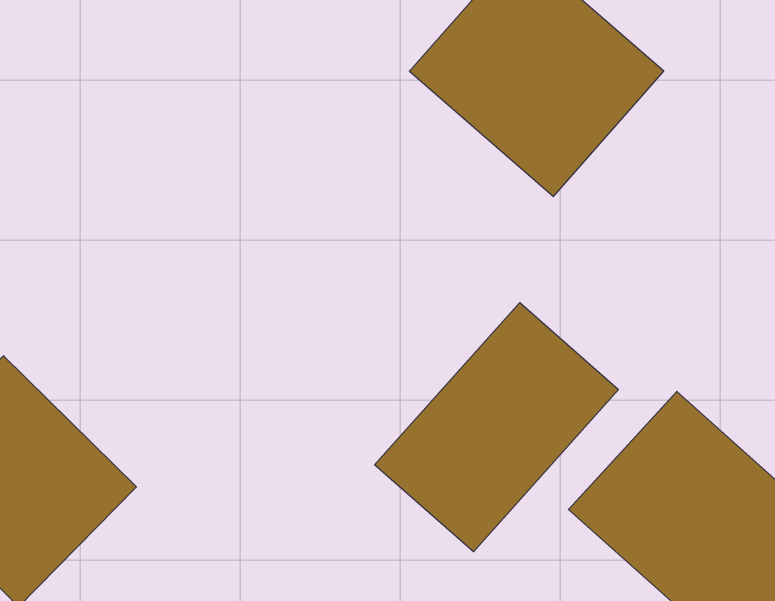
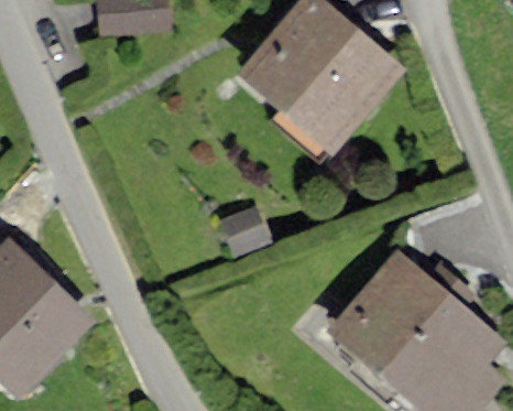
building: [375,303,618,552] -> none

